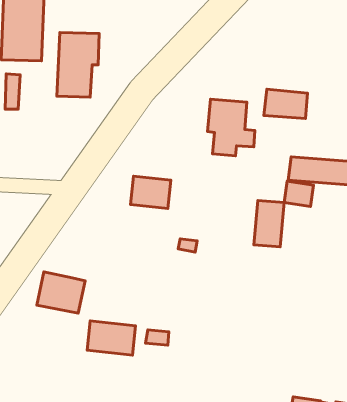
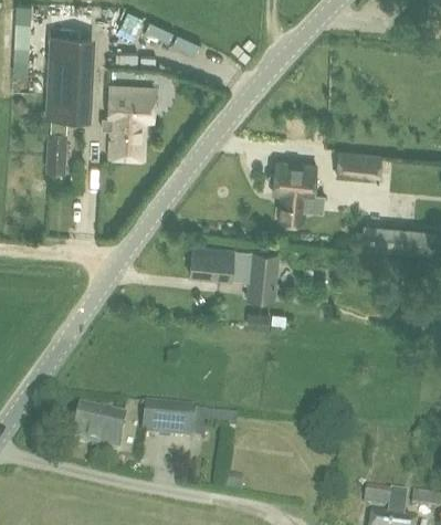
building: [254,200,284,247] -> [245,250,279,301]
building: [37,272,85,313] -> [71,406,124,451]

